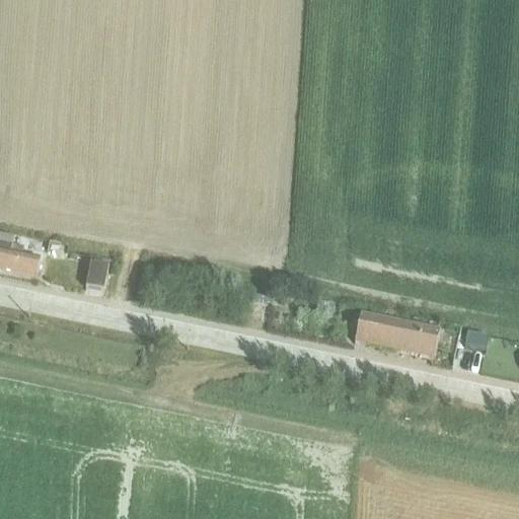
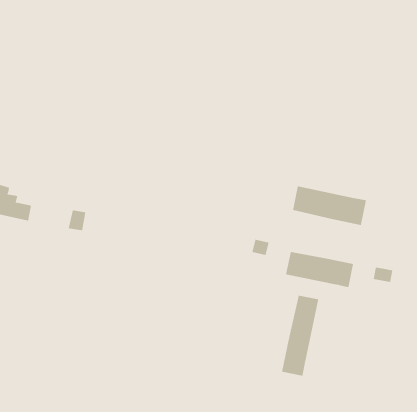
building: none -> [293,186,366,226]
building: none -> [282,295,319,377]

